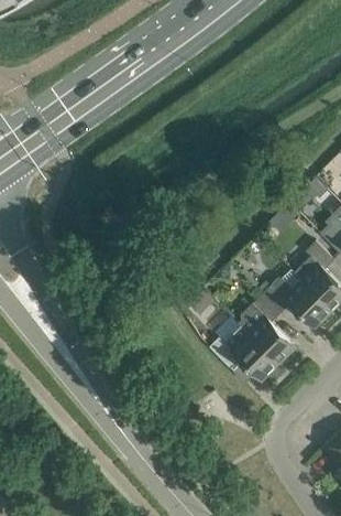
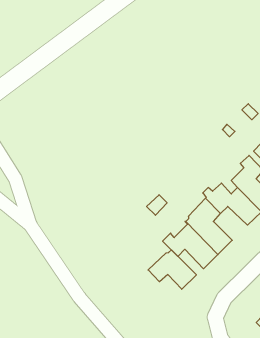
building: none -> [148,250,196,289]

